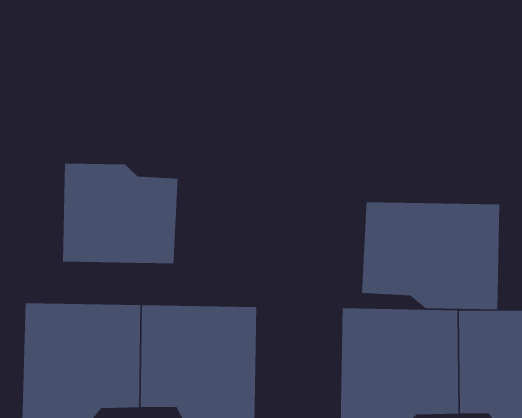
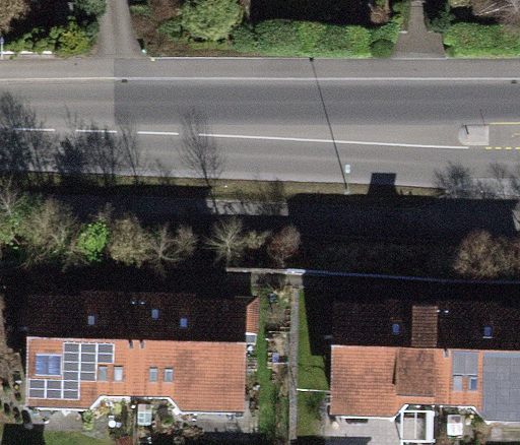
building: [63,163,178,264] -> none
building: [361,201,500,310] -> none

